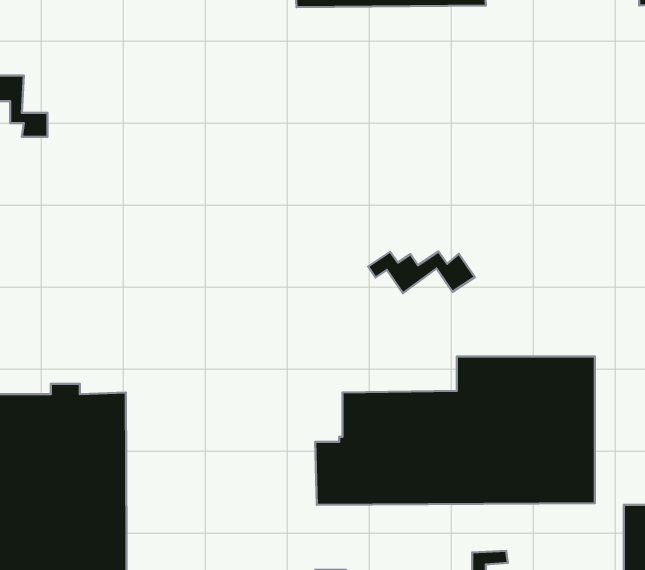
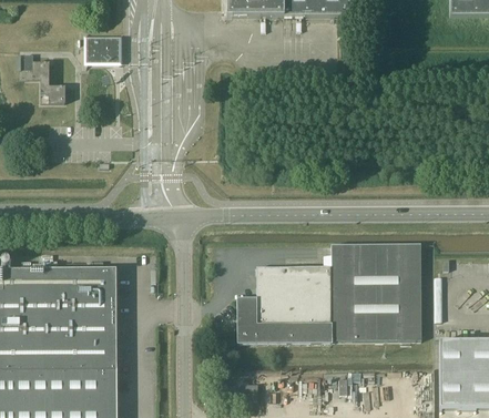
building: none -> [85,38,119,62]
building: [368,251,475,293] -> none

